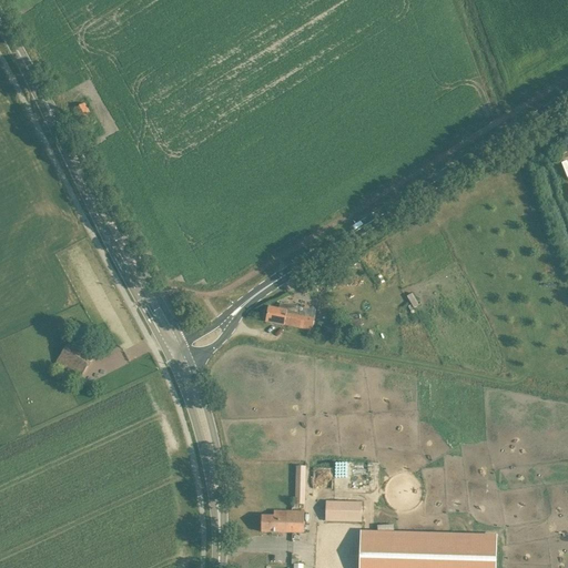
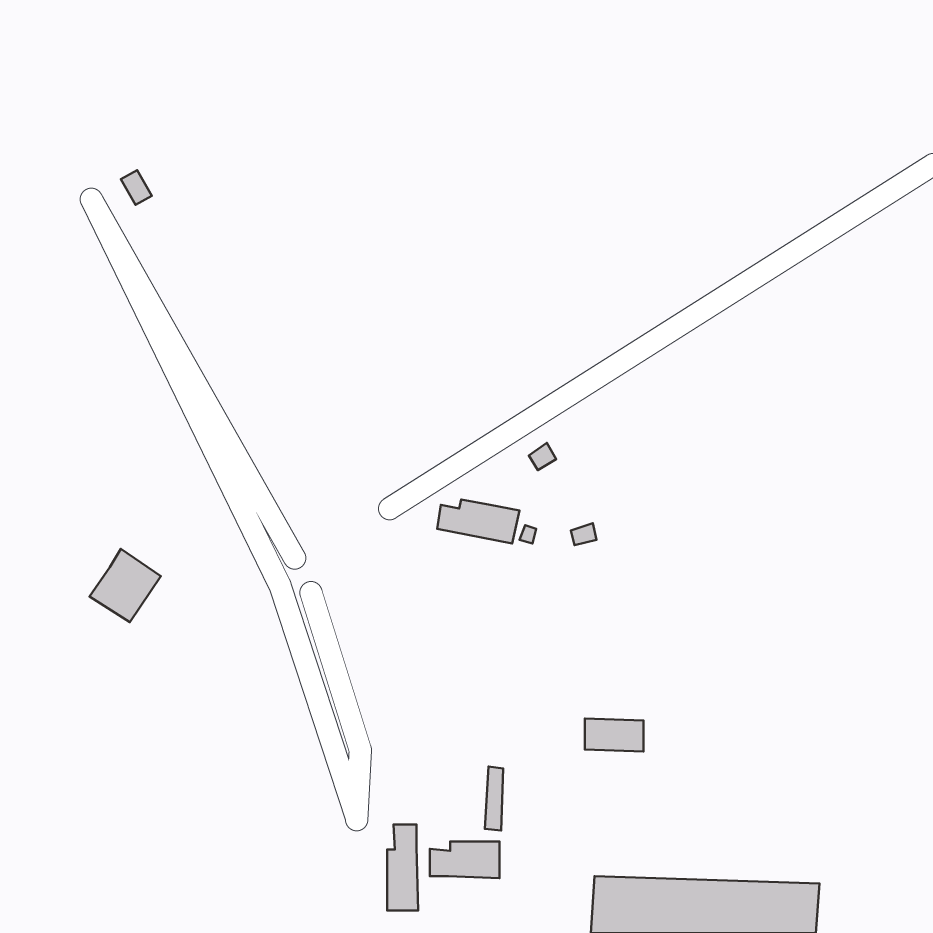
building: none -> [387,824,418,911]
building: [325,500,361,520] -> [585,719,643,751]

